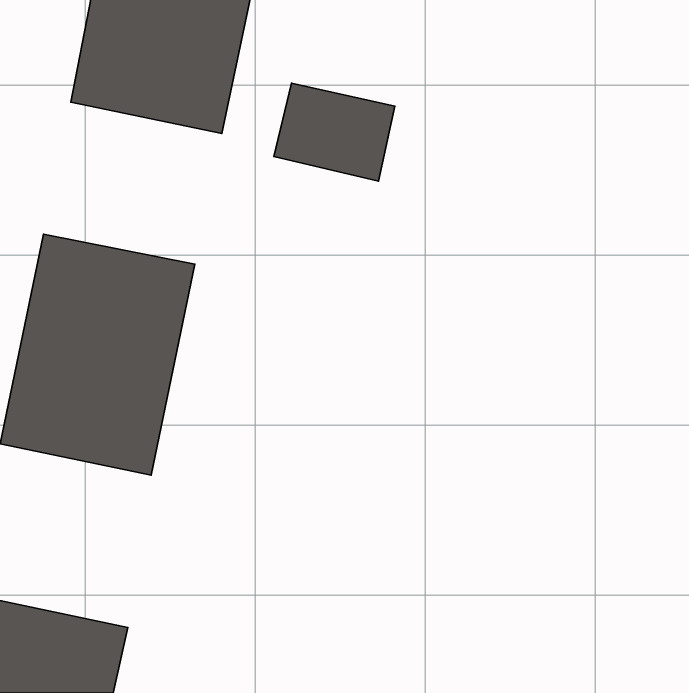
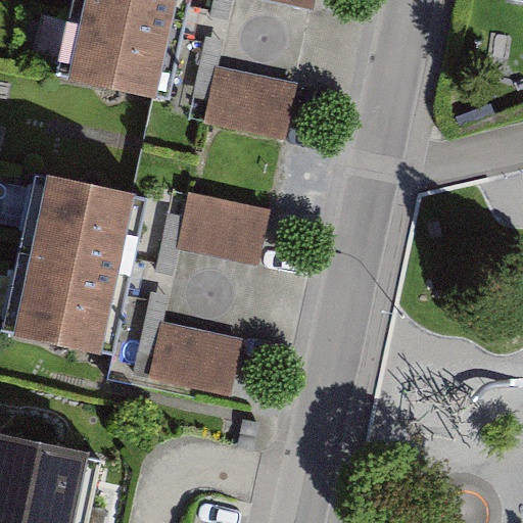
building: none -> [178,192,268,266]
building: none -> [148,320,239,393]

